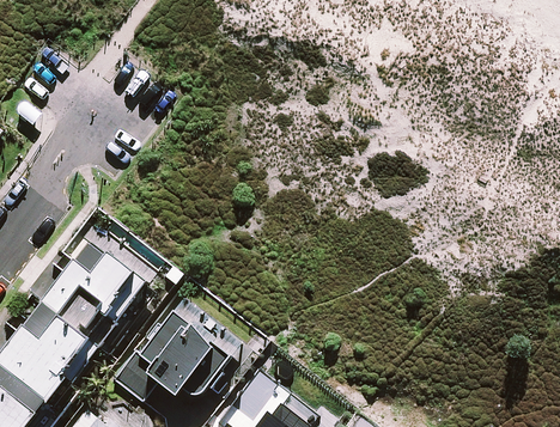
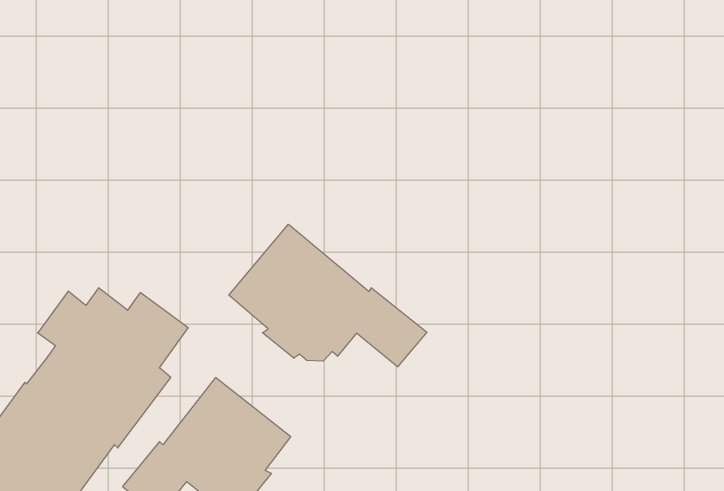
building: none -> [229,224,427,367]

